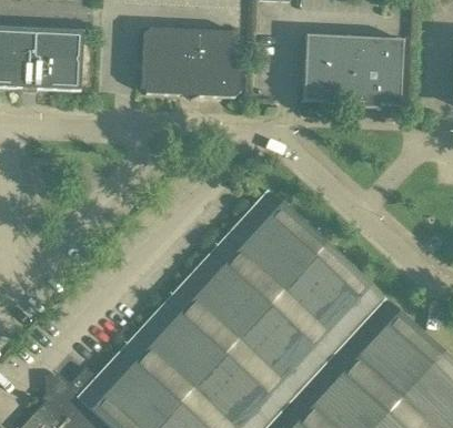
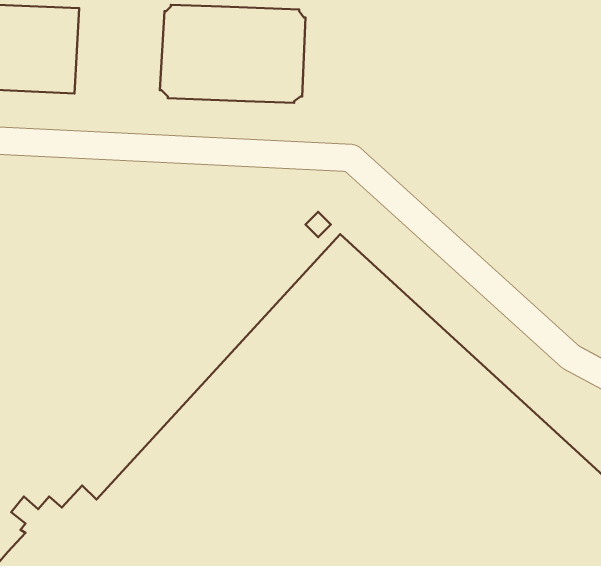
building: [302,34,403,109] -> none

